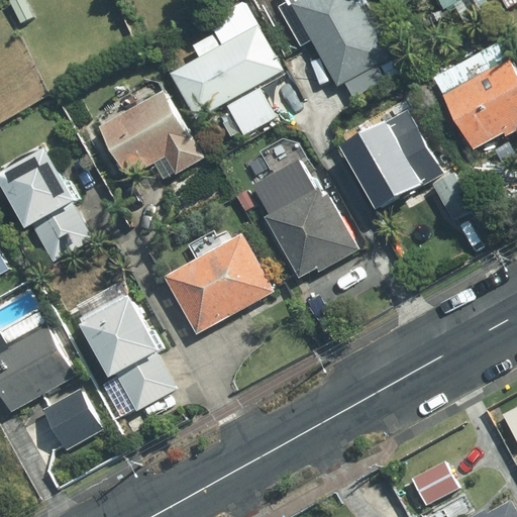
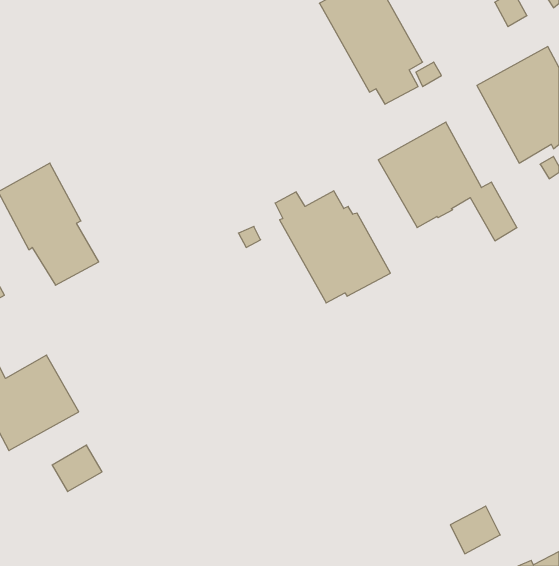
building: [170,26,279,132] -> none
building: [99,91,199,175] -> none
building: [166,235,270,331] -> none
building: [83,299,173,409] -> none

